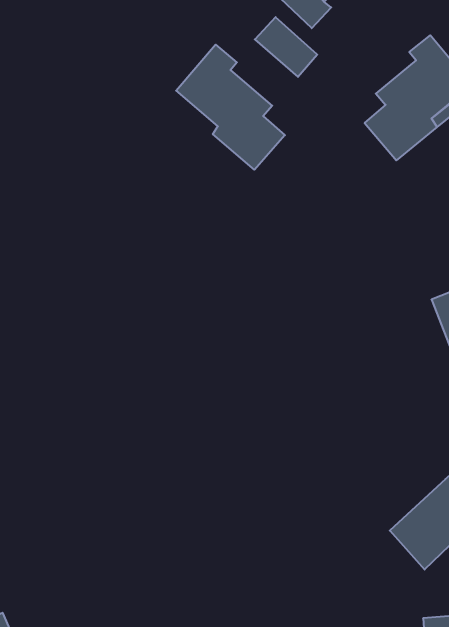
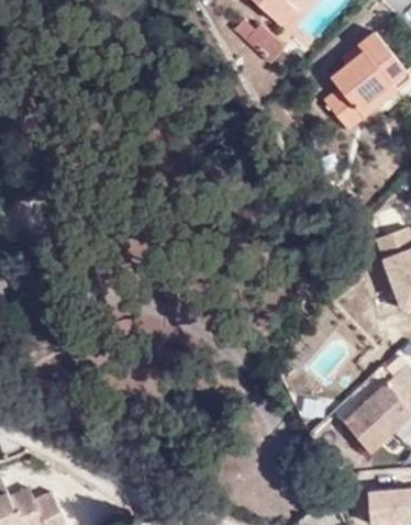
building: [176,45,285,170] -> none

